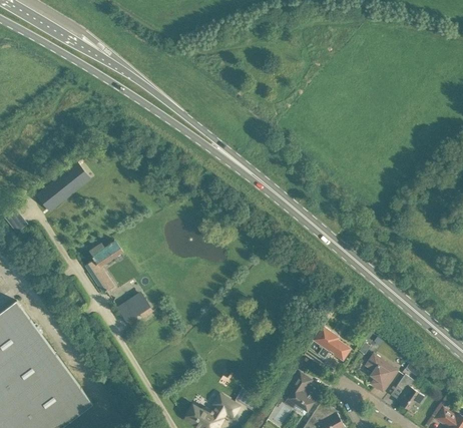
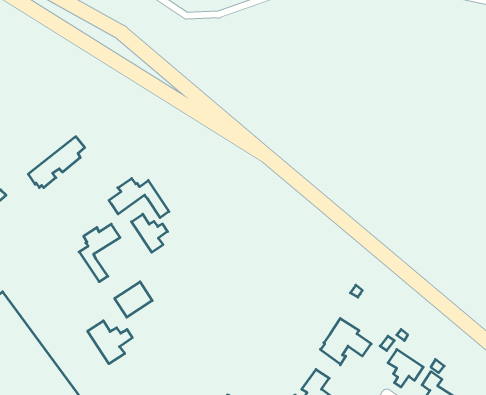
building: none -> [109,178,169,218]
building: none -> [131,214,168,252]
building: none -> [88,321,132,364]

